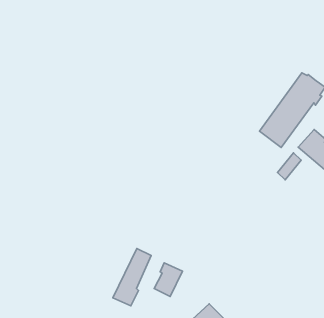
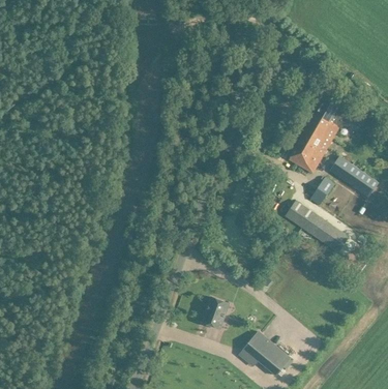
building: none -> [288,203,350,252]
building: [113,248,151,306] -> none

